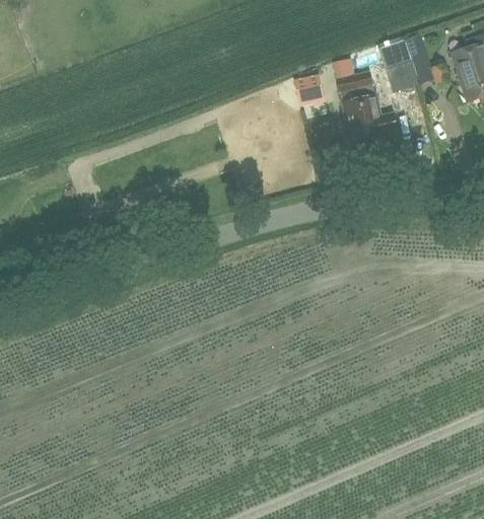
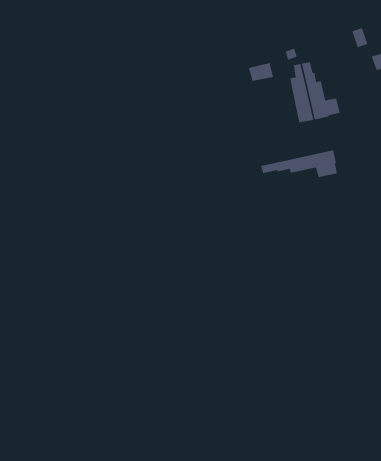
building: [378,40,417,87] -> none
building: none -> [261,149,337,178]

